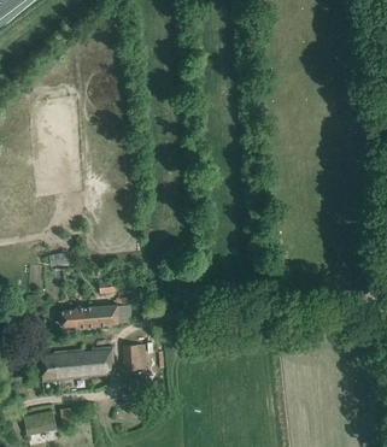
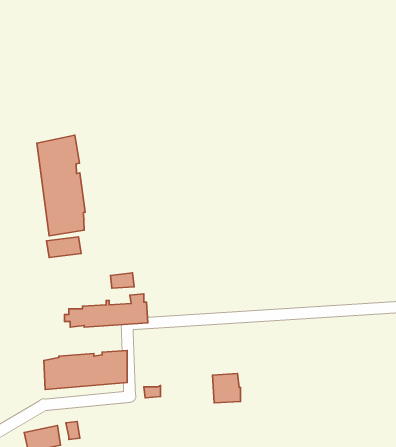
building: none -> [37,135,85,236]
building: [123,345,147,370] -> [213,374,240,403]

